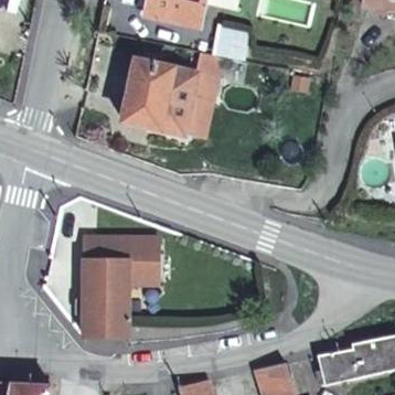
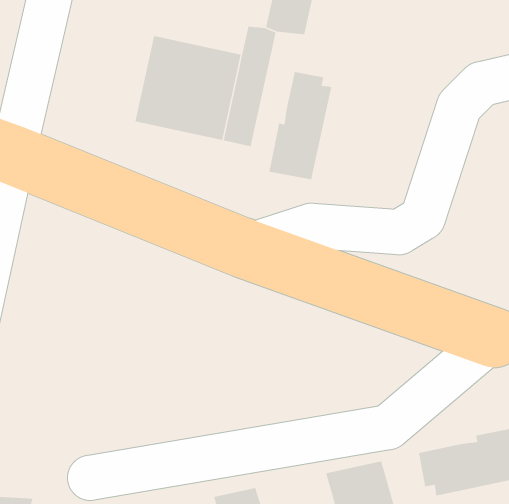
building: none -> [268,71,332,180]
building: [83,237,157,339] -> none

